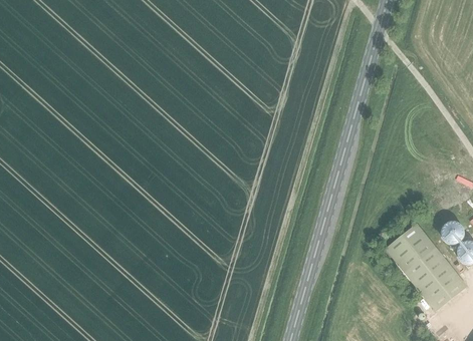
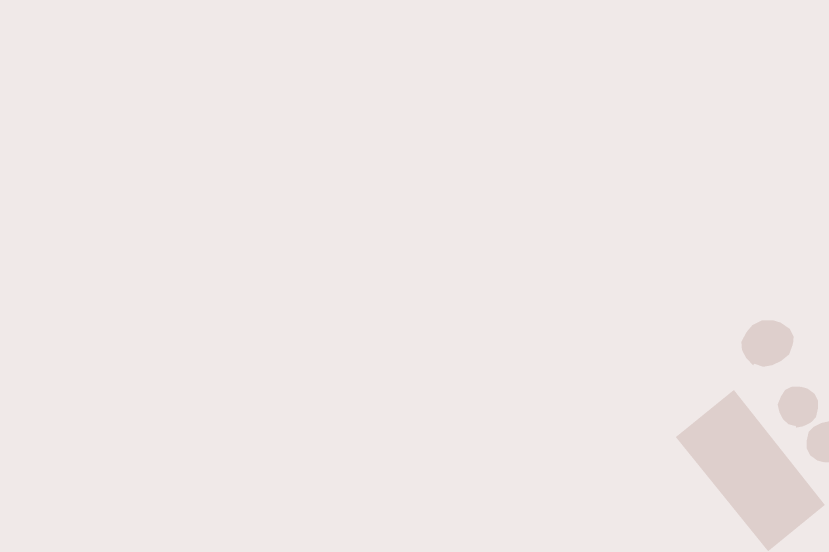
building: none -> [741,319,794,367]

